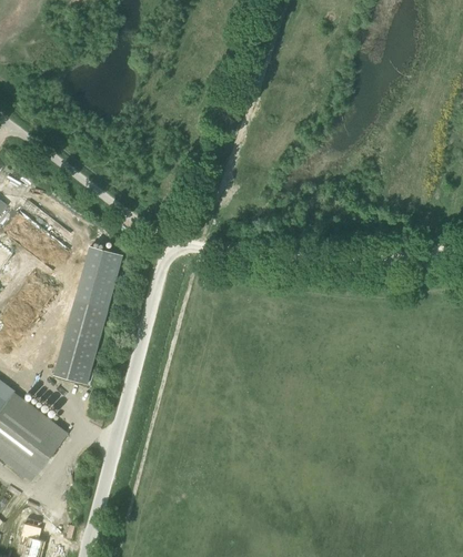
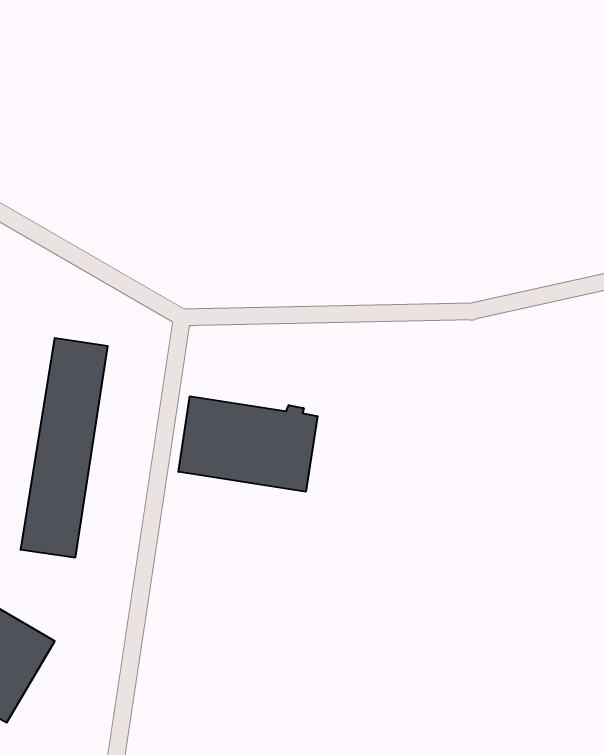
building: none -> [178,396,317,492]

